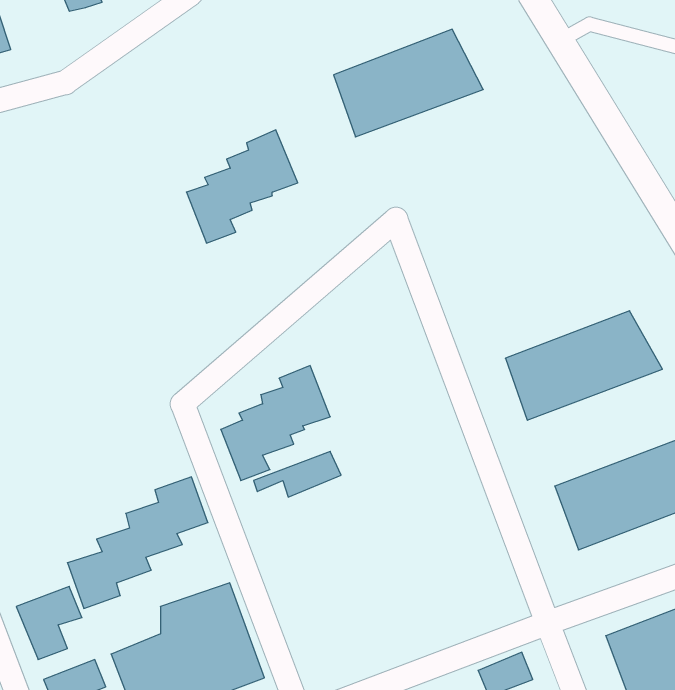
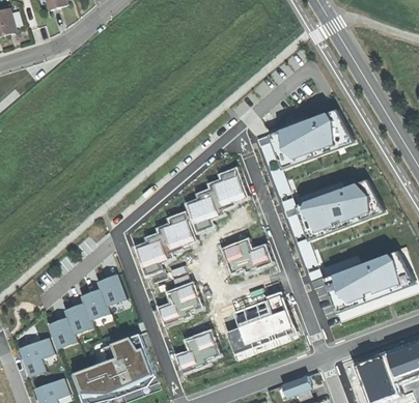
building: [334,29,483,137] -> [269,109,354,170]
building: [186,130,298,243] -> [185,167,248,231]
building: none -> [221,238,271,274]
building: none -> [158,282,199,324]
building: none -> [225,294,297,362]
building: none -> [175,329,218,370]

